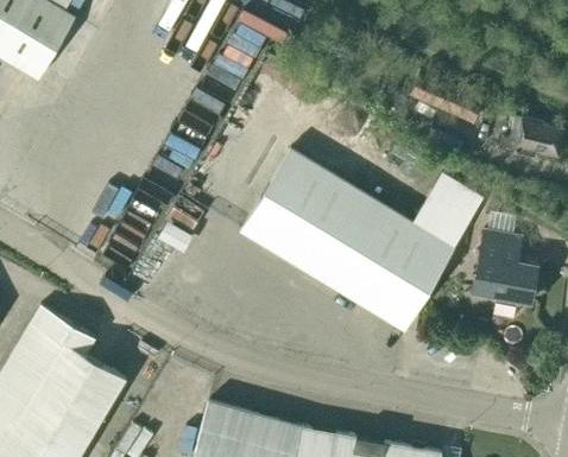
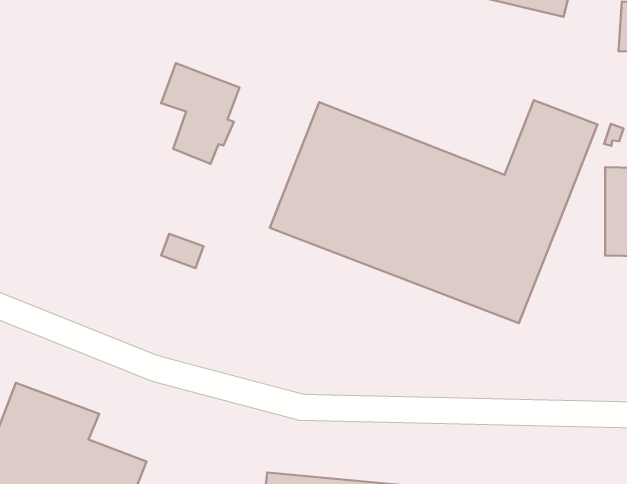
building: none -> [161,63,239,164]

